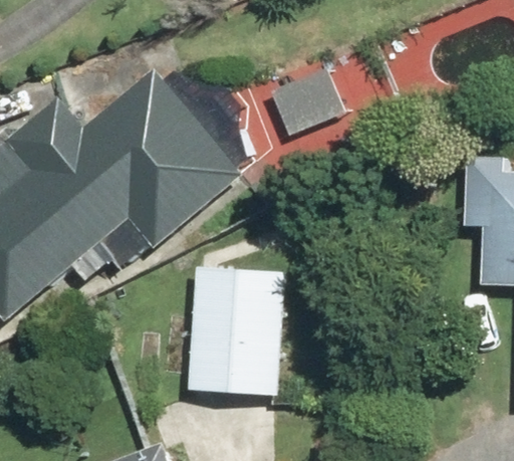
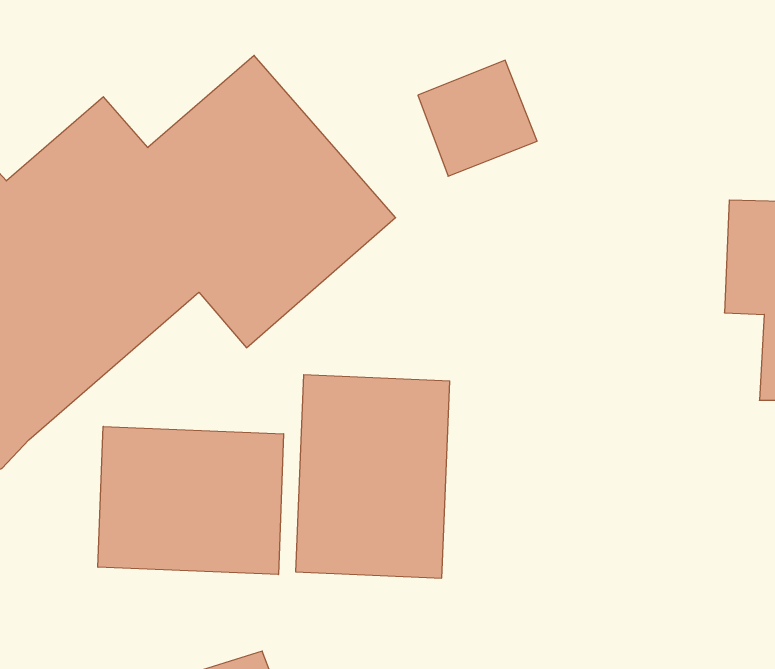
building: none -> [98,426,284,575]

